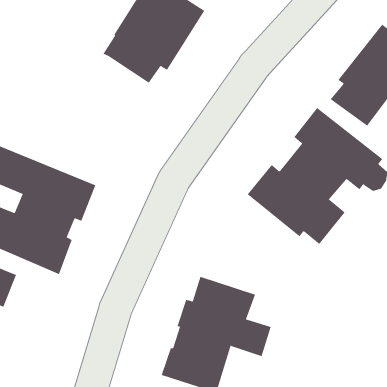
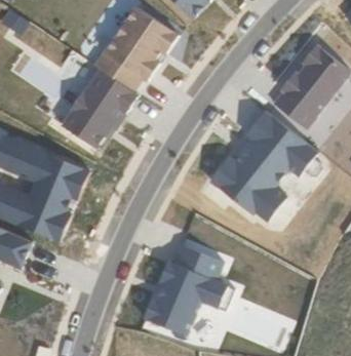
building: none -> [62,69,138,149]

